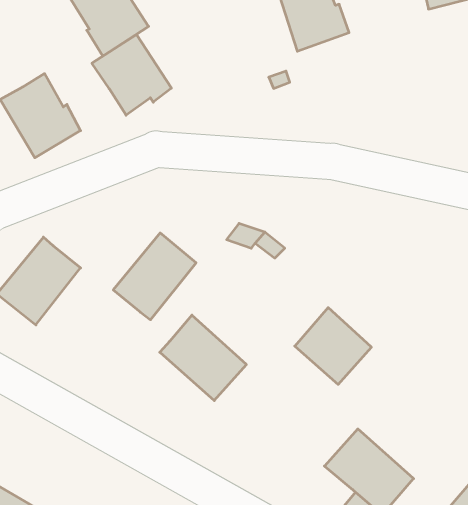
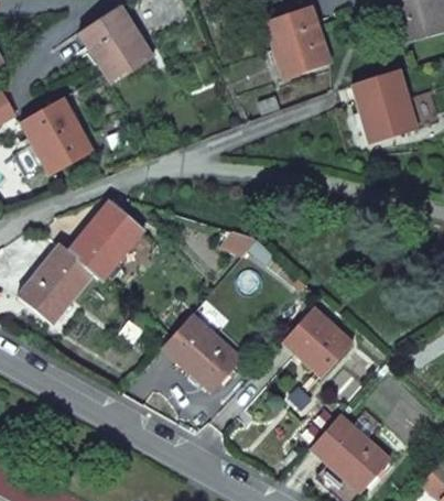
building: [92,34,171,115] -> none
building: none -> [355,69,416,142]
building: [113,233,196,320] -> [68,202,142,279]

